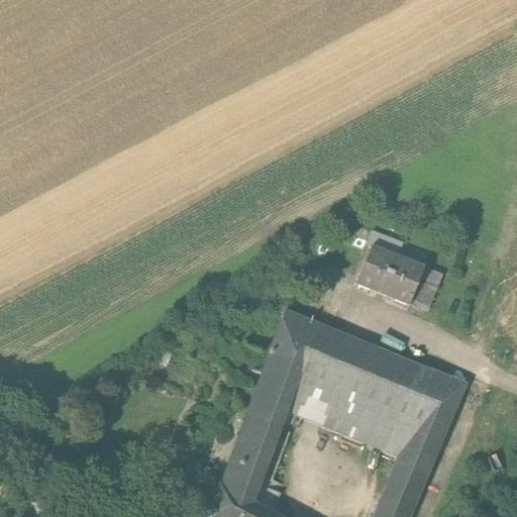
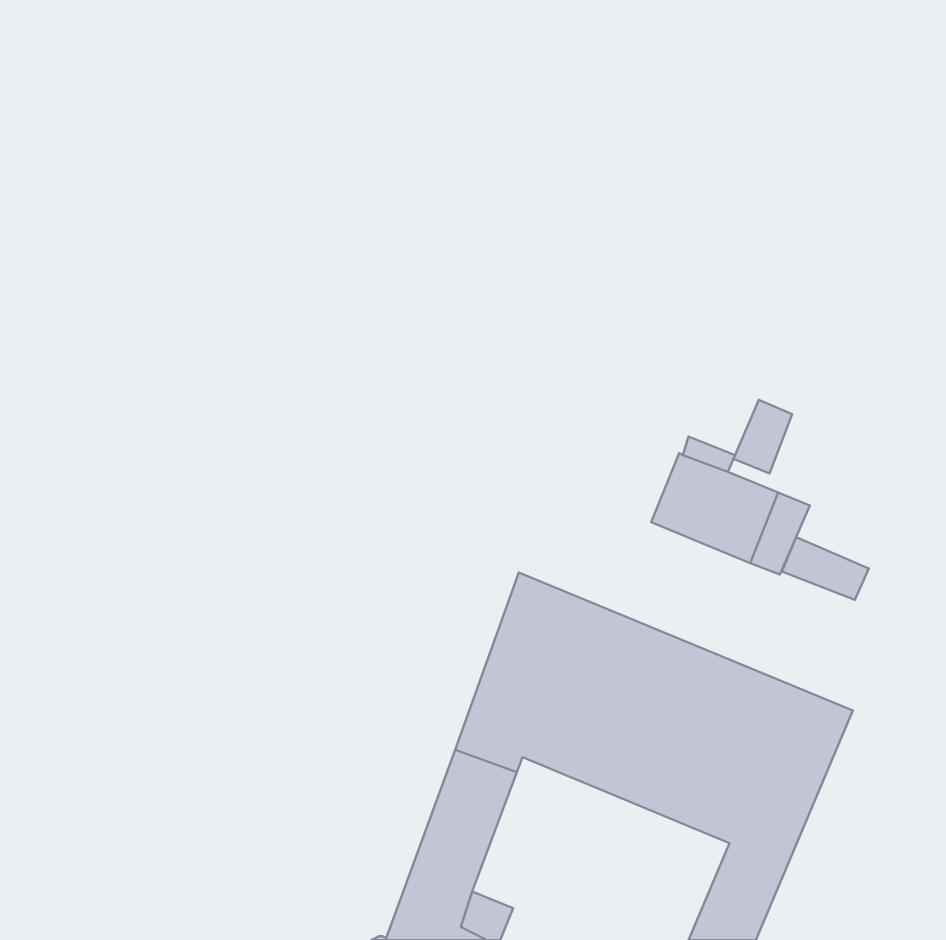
building: none -> [734,400,792,473]
building: none -> [782,537,869,600]

